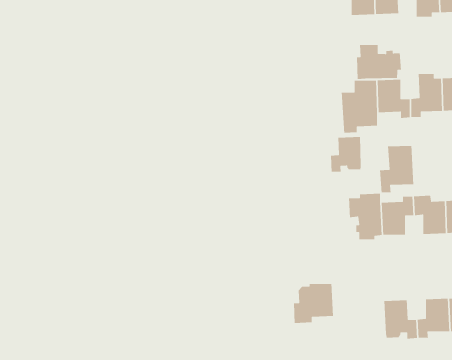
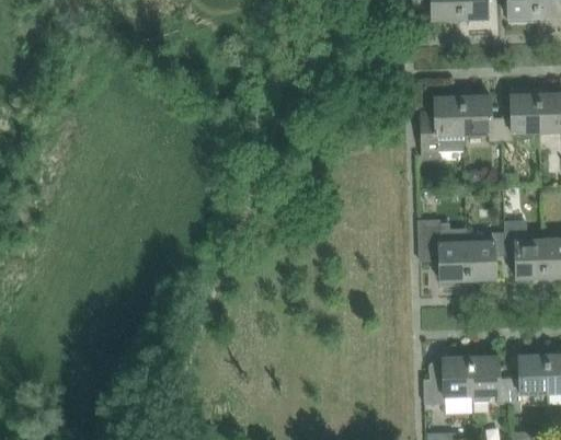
building: [356,44,402,80] -> none
building: [330,136,362,172] -> none
building: [379,145,414,193] -> none
building: [293,283,334,324] -> [424,357,472,405]

